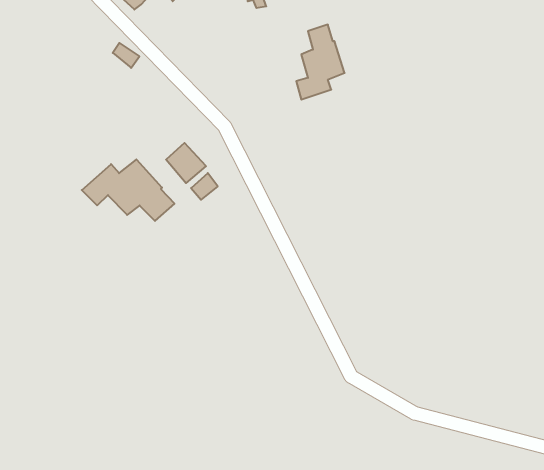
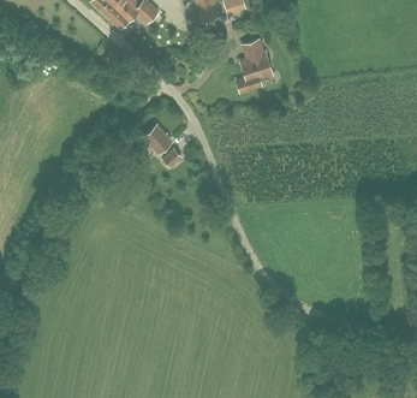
building: [82,159,174,221] -> none

